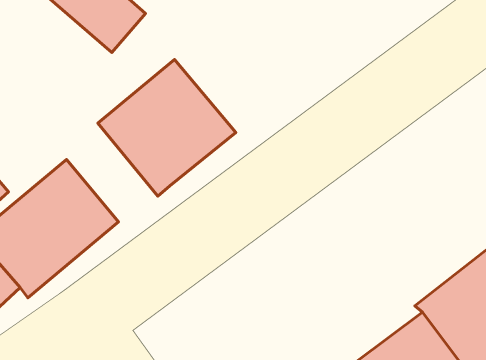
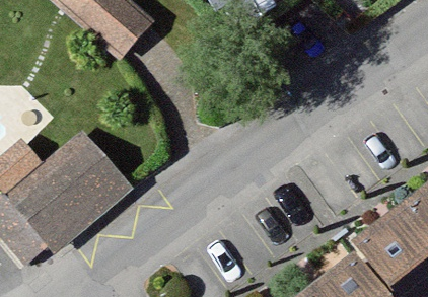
building: [98,59,236,196] -> none

